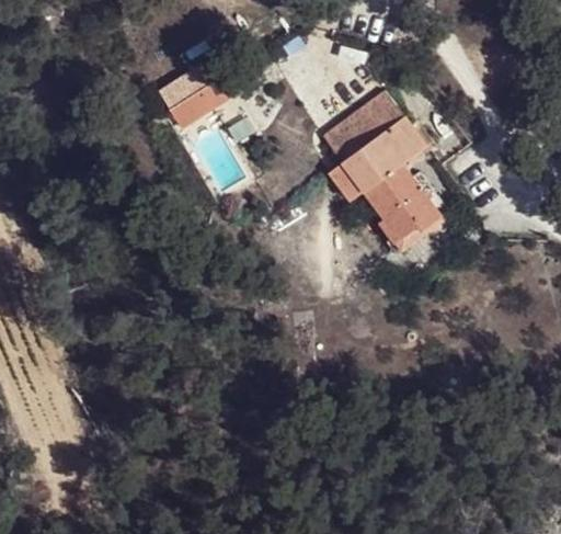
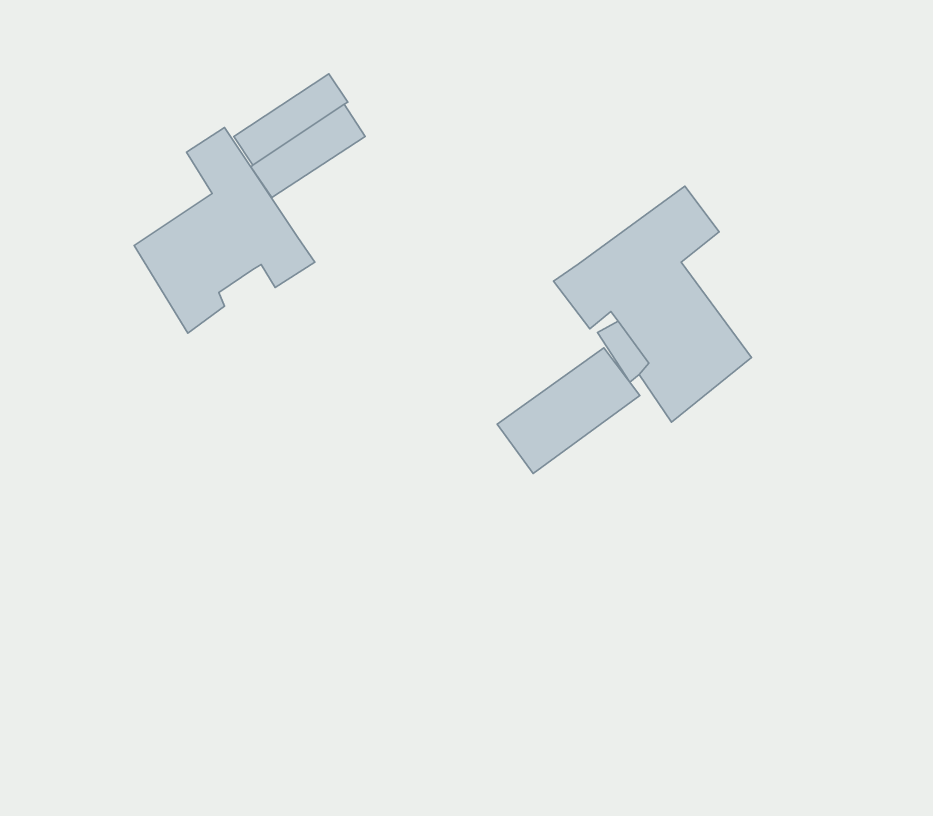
building: none -> [134,127,315,333]
building: [324,92,407,164] -> [497,348,640,474]

